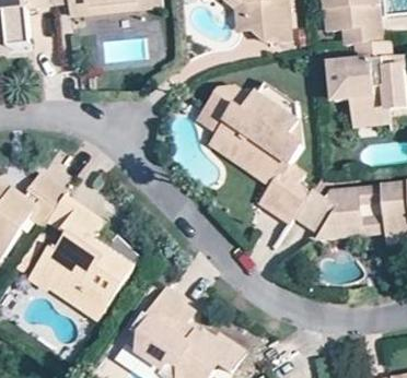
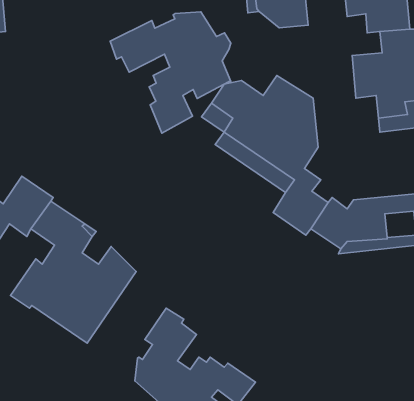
building: none -> [110,12,231,133]

